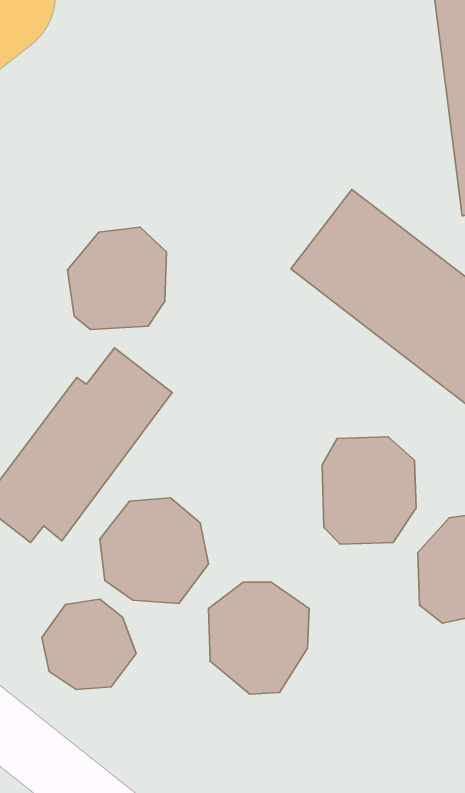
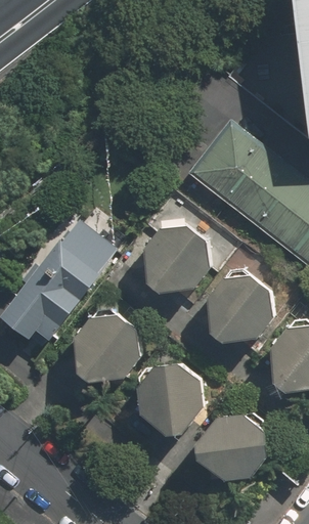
building: [68,227,166,329] -> [144,227,206,291]
building: [42,599,136,690] -> none
building: none -> [195,414,266,482]

